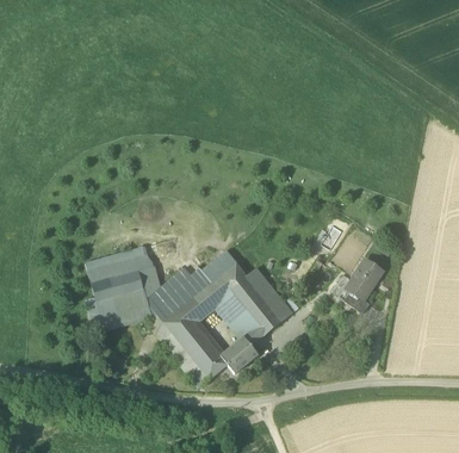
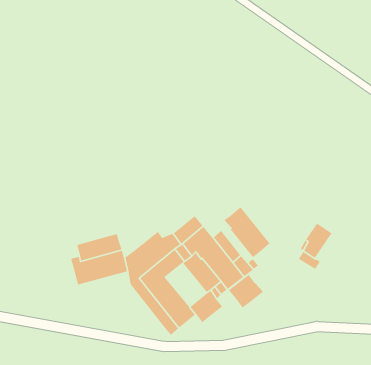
building: none -> [223,206,270,258]
building: [86,244,157,297] -> none
building: none -> [228,274,264,308]

